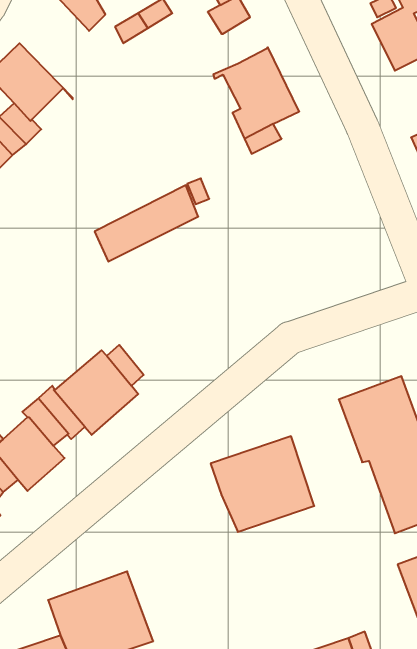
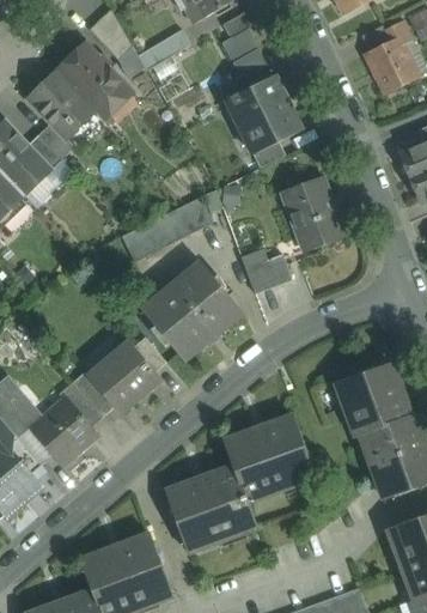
building: none -> [55,43,130,119]
building: none -> [233,48,272,89]
building: none -> [280,176,343,251]
building: none -> [239,249,291,295]
building: none -> [140,260,242,360]
building: none -> [164,467,256,551]

